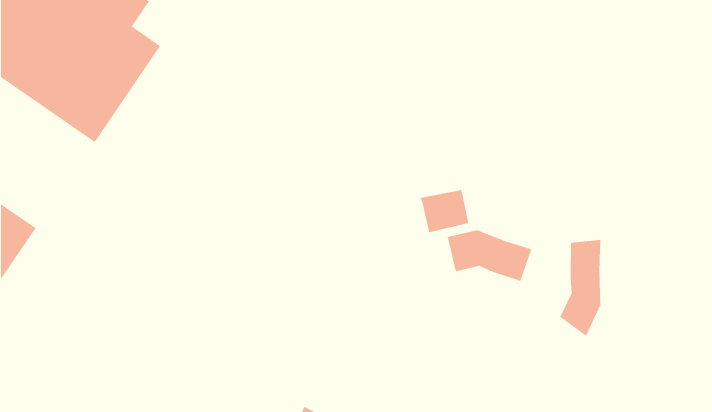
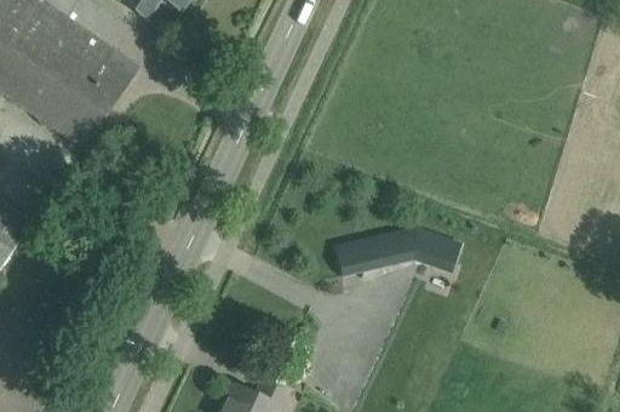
building: [420,189,469,233] -> [333,235,375,273]
building: [559,239,601,337] -> none

